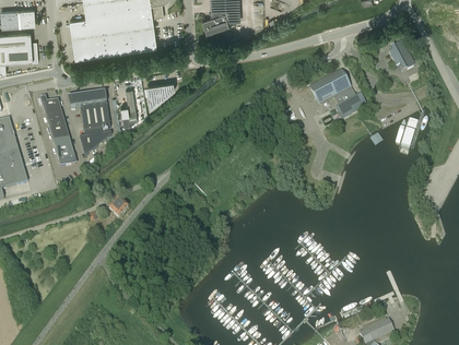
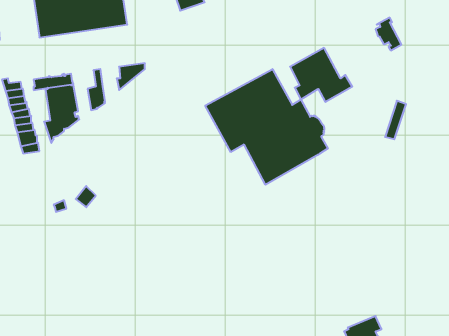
building: none -> [205,69,328,185]

